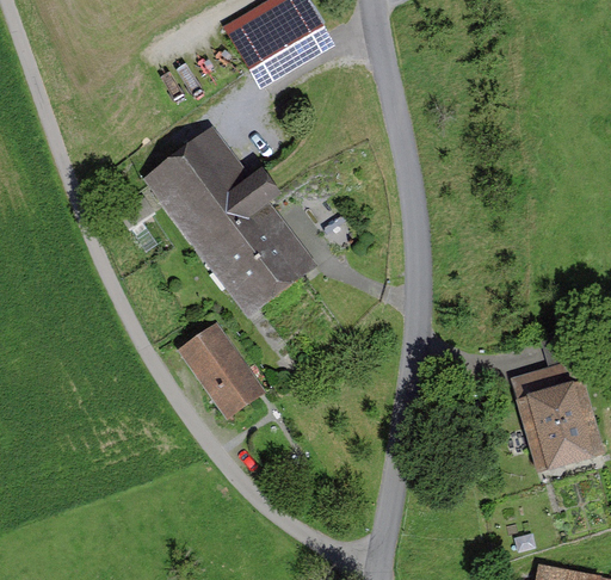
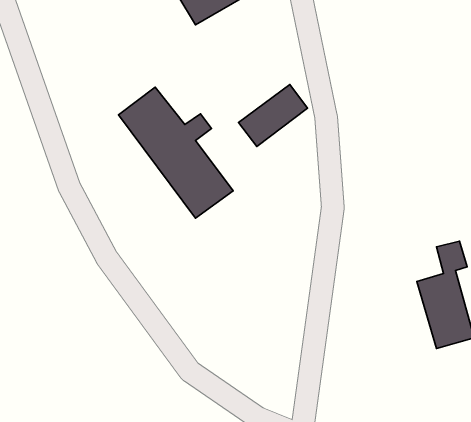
building: none -> [238,84,307,147]
building: [183,329,257,413] -> none

